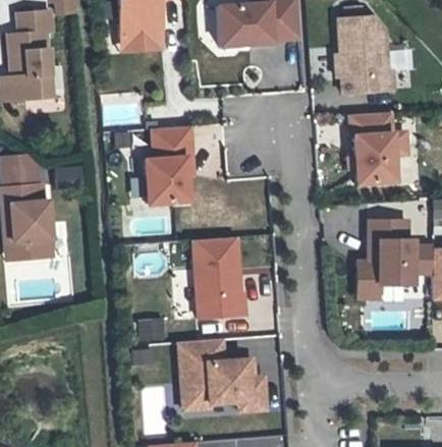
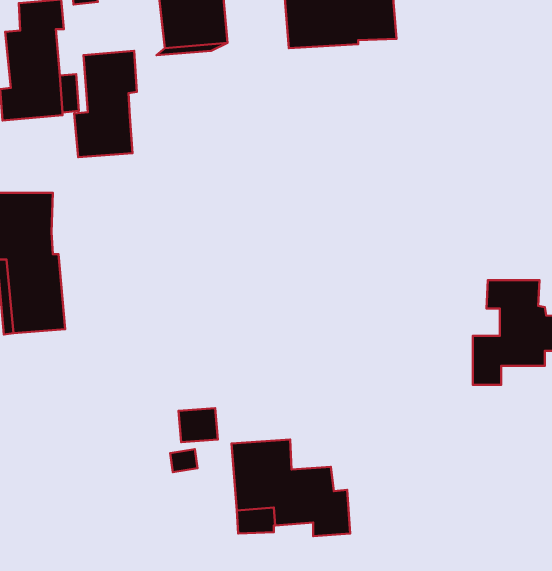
building: [340,16,393,94] -> none
building: [349,112,394,183] -> none
building: [145,126,191,206] -> [74,51,137,157]
building: [192,237,244,318] -> none

